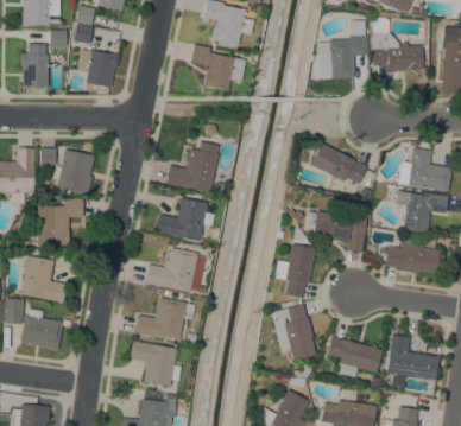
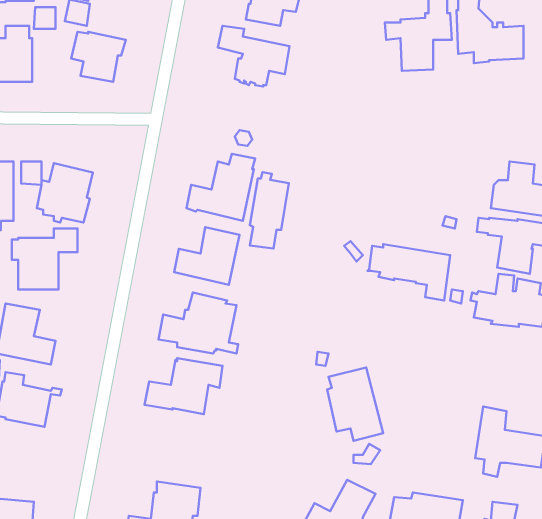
building: [310,142,367,183] -> none
building: [285,239,315,297] -> [250,172,289,249]
building: [327,336,383,376] -> none
building: [131,341,181,386] -> none

